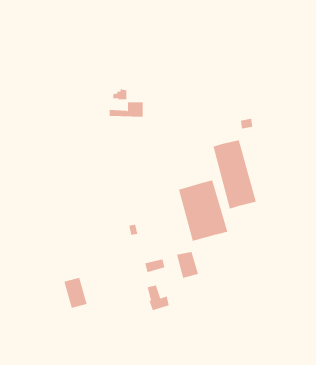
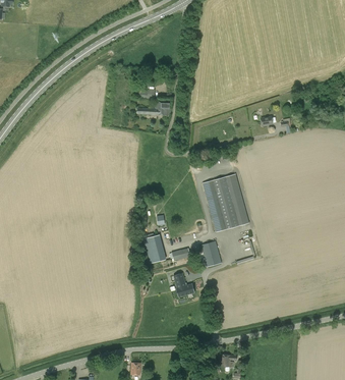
building: [213,139,256,209] -> none
building: [64,277,87,309] -> [143,233,166,263]

